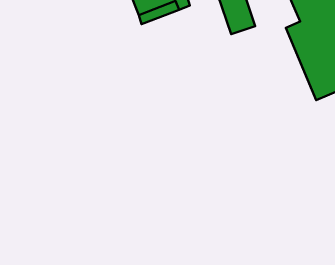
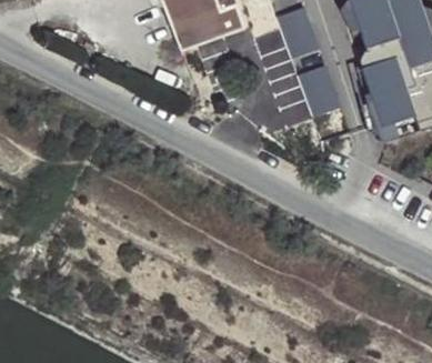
building: none -> [300,62,342,114]

